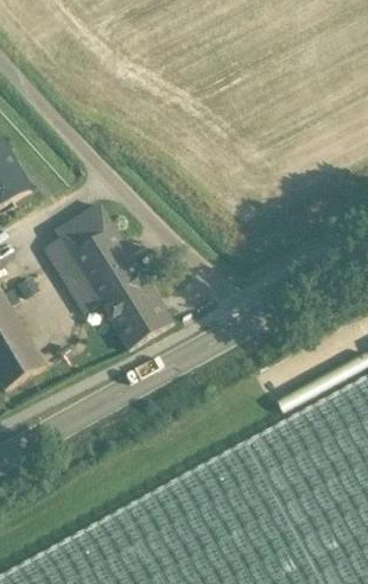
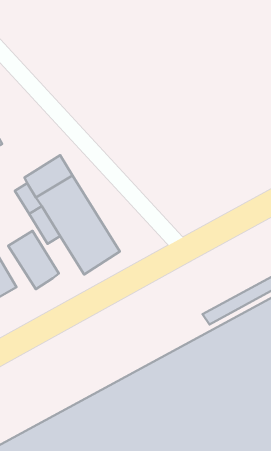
building: none -> [8,231,59,289]

